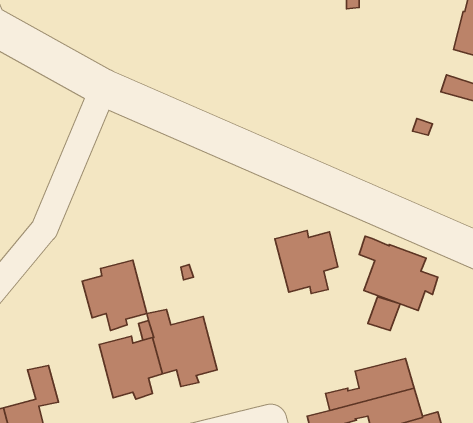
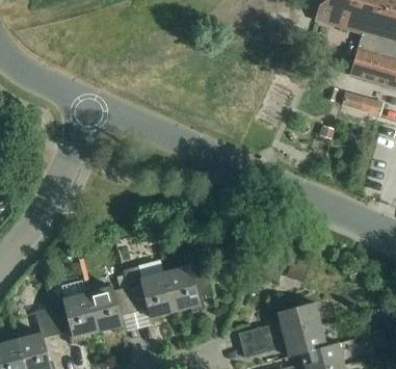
building: [275,230,338,294] -> [164,265,211,312]
building: [359,236,438,310] -> none
building: [82,260,147,330] -> [50,292,98,344]

